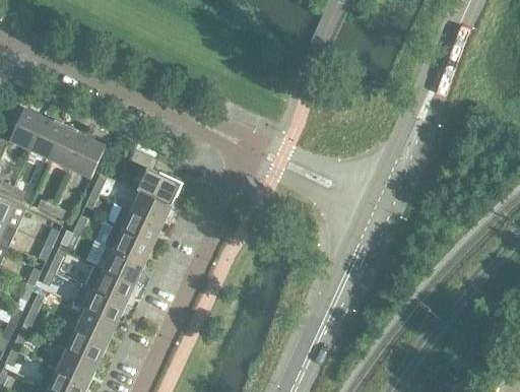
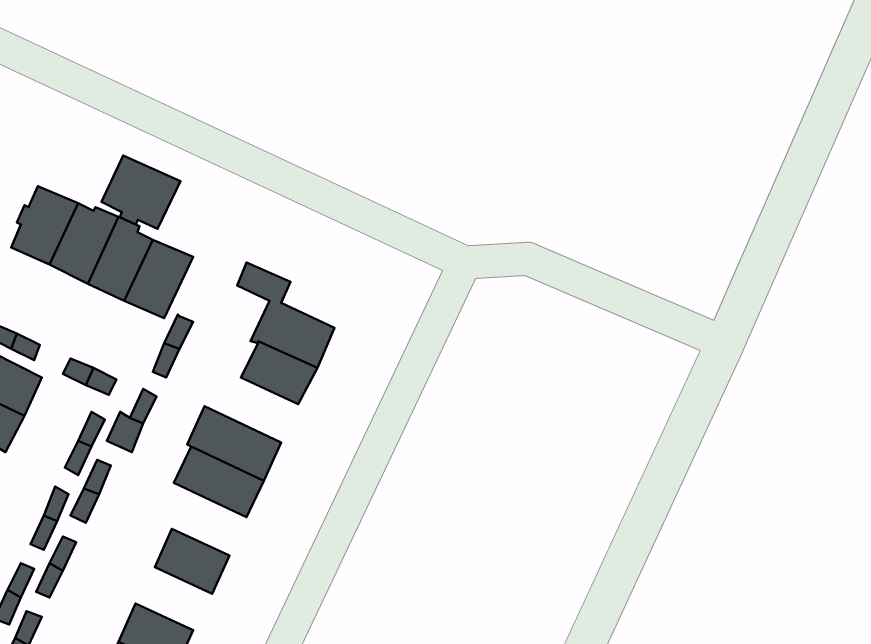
building: none -> [101,155,181,229]
building: [112,206,161,245] -> none
building: [84,266,134,305] -> none
building: [75,311,116,344] -> none

